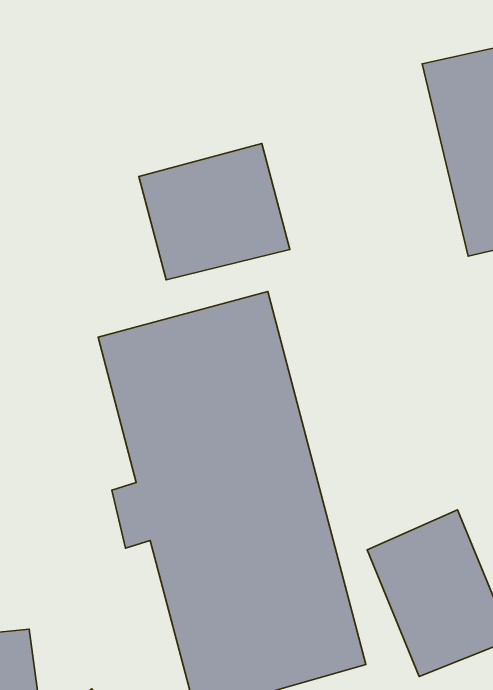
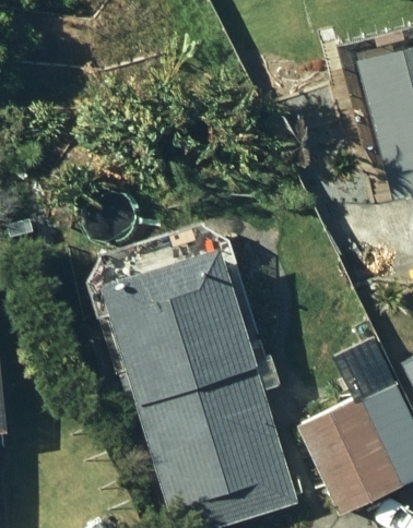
building: [139,143,290,280] -> none

